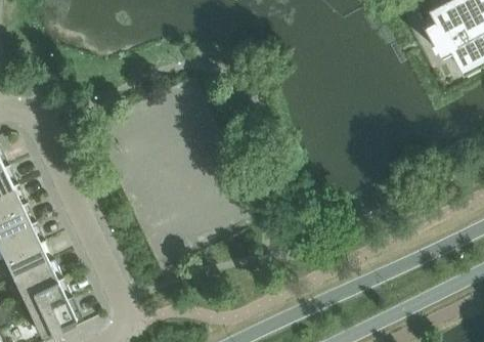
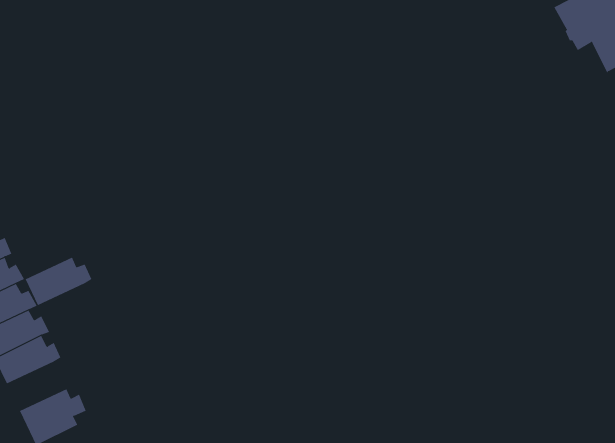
building: [23,280,72,315] -> [25,257,92,306]

